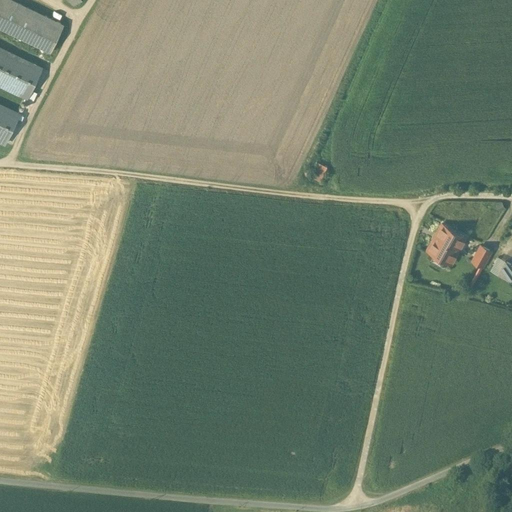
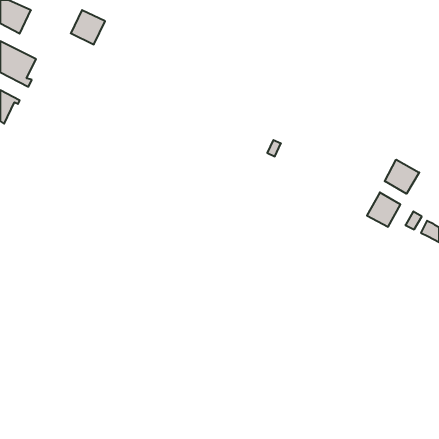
building: [23,12,63,52] -> [71,10,105,44]
building: none -> [385,160,419,194]

